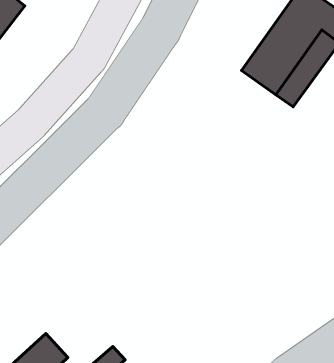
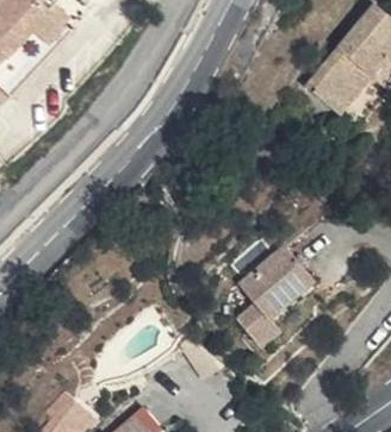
building: none -> [242,236,319,339]

